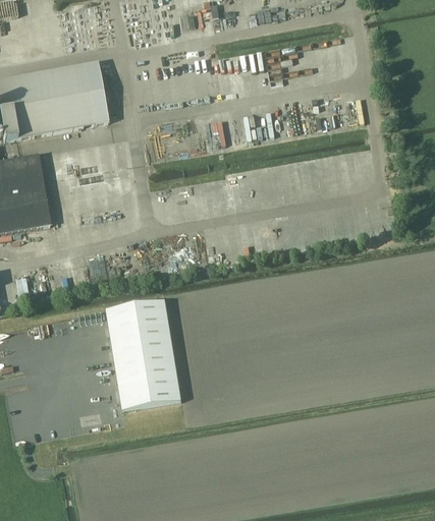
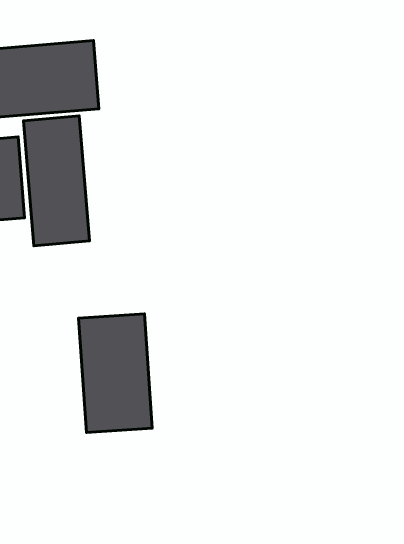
building: none -> [24,116,89,246]

